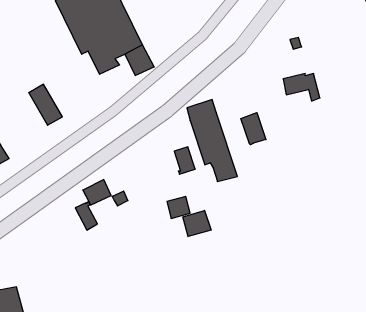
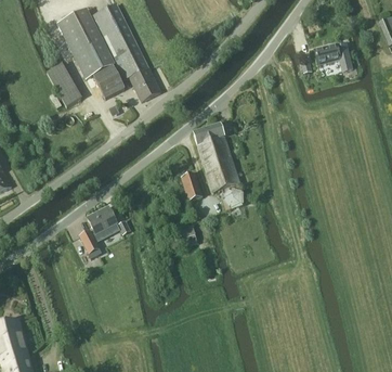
building: [283,74,320,101] -> [314,43,352,72]
building: [29,84,62,125] -> [47,64,81,106]
building: [241,113,266,145] -> none
building: [183,210,211,237] -> none

